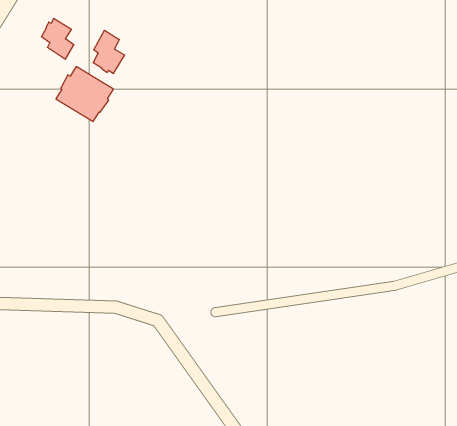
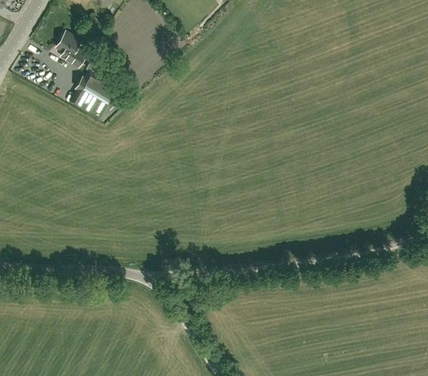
building: [93,30,125,74] -> none

